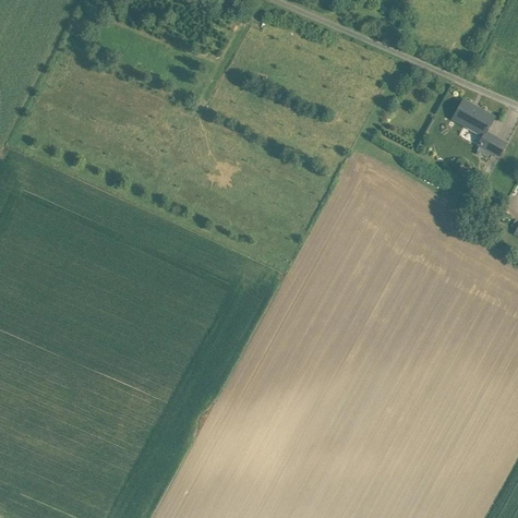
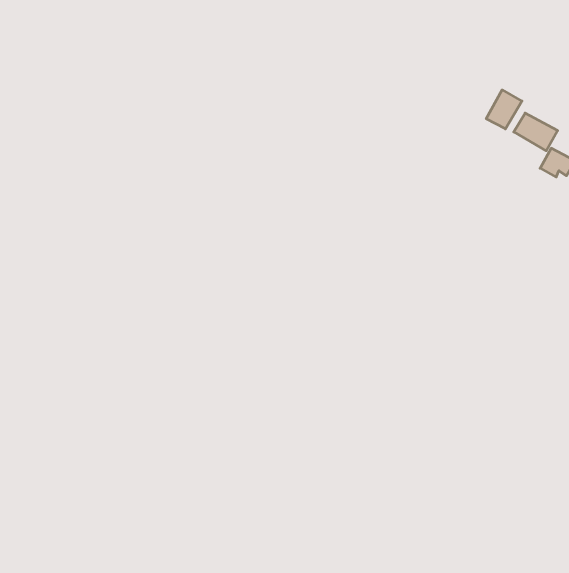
building: none -> [486,90,522,129]

